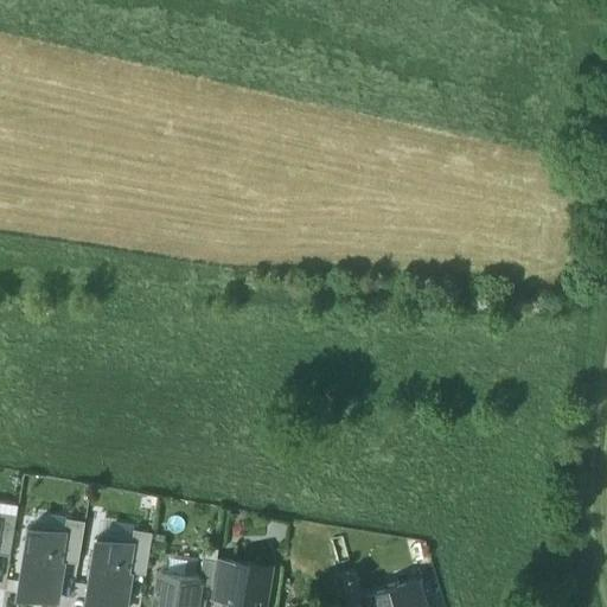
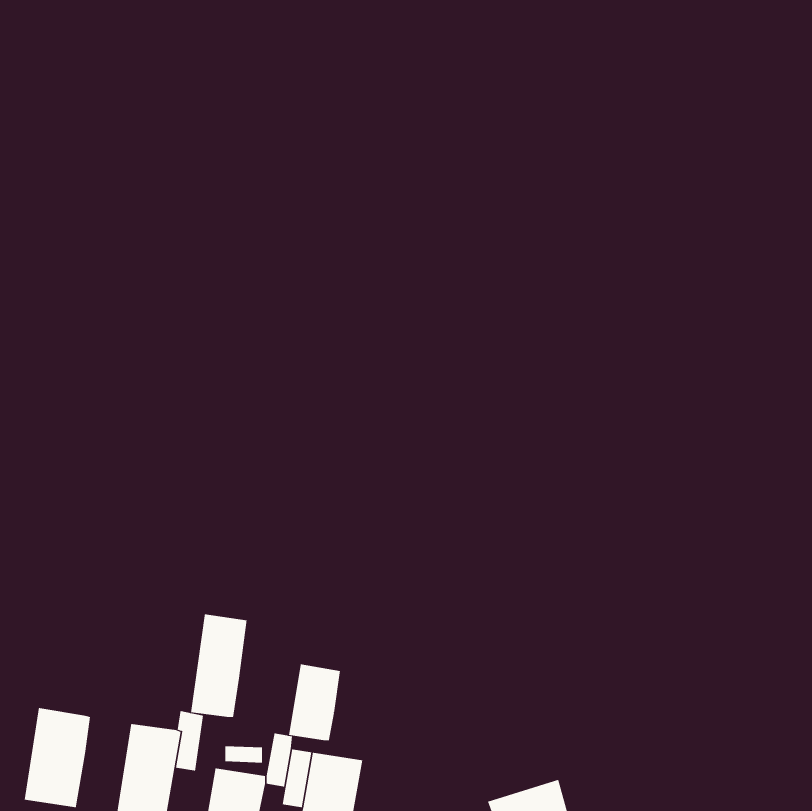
building: none -> [190,613,247,718]
building: none -> [288,664,341,741]
building: [64,520,85,566] -> none

